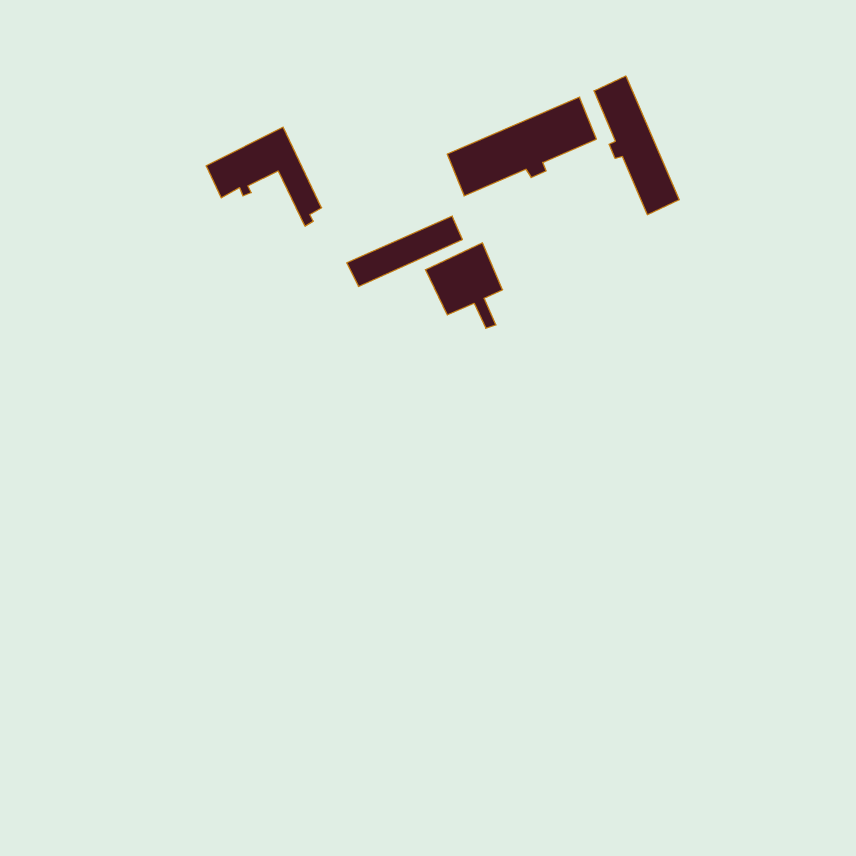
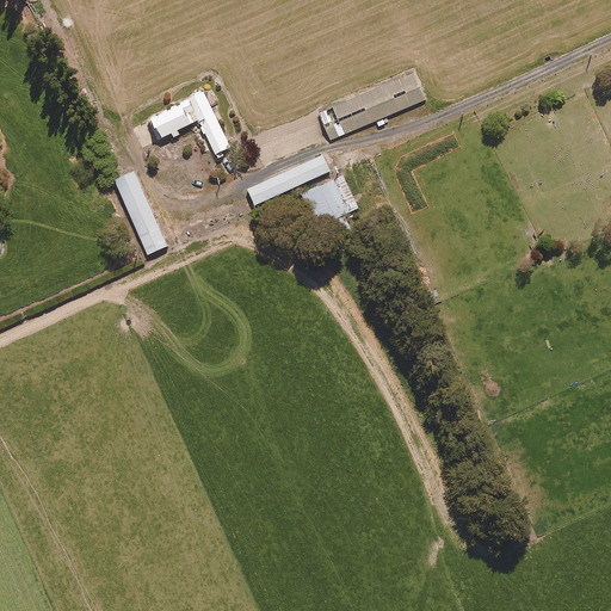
building: [594,76,679,215] -> none
building: none -> [115,168,167,253]

